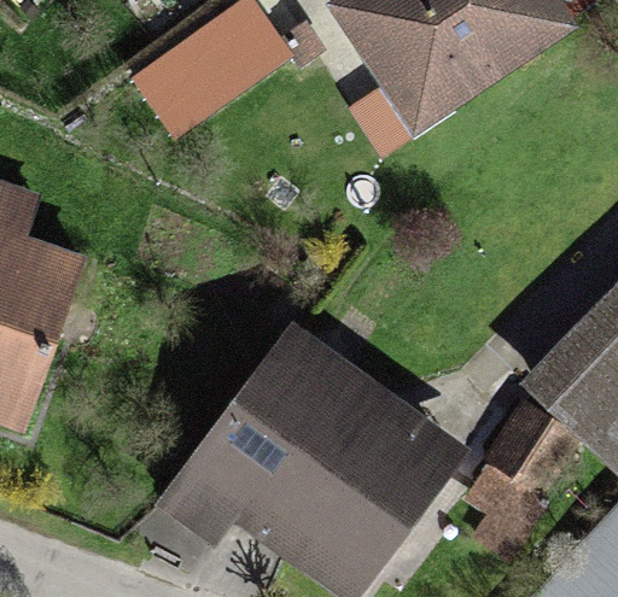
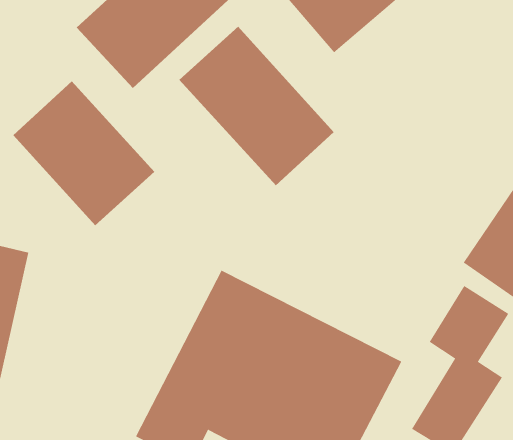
building: none -> [178,26,335,186]
building: none -> [12,80,155,226]

